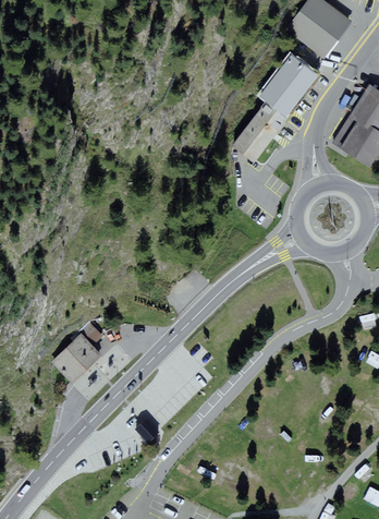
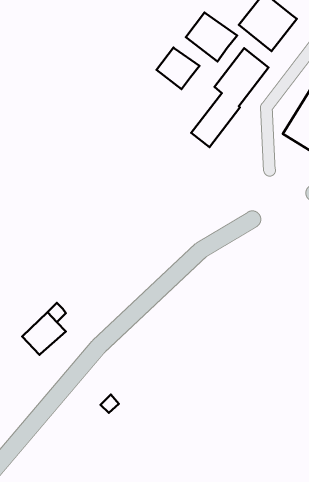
building: none -> [186,12,237,62]
building: none -> [156,48,200,89]

